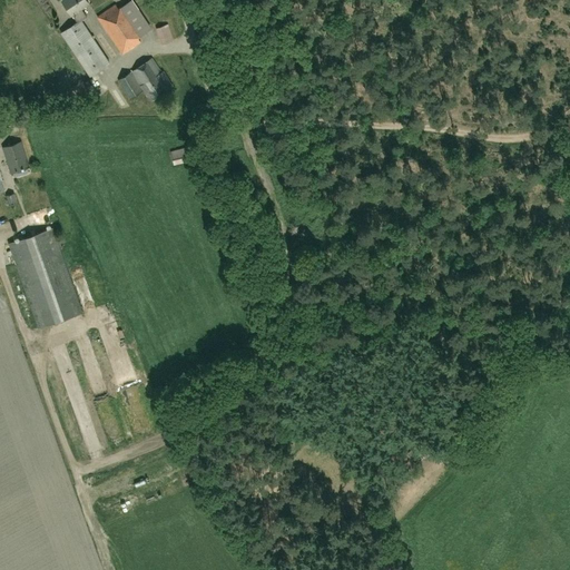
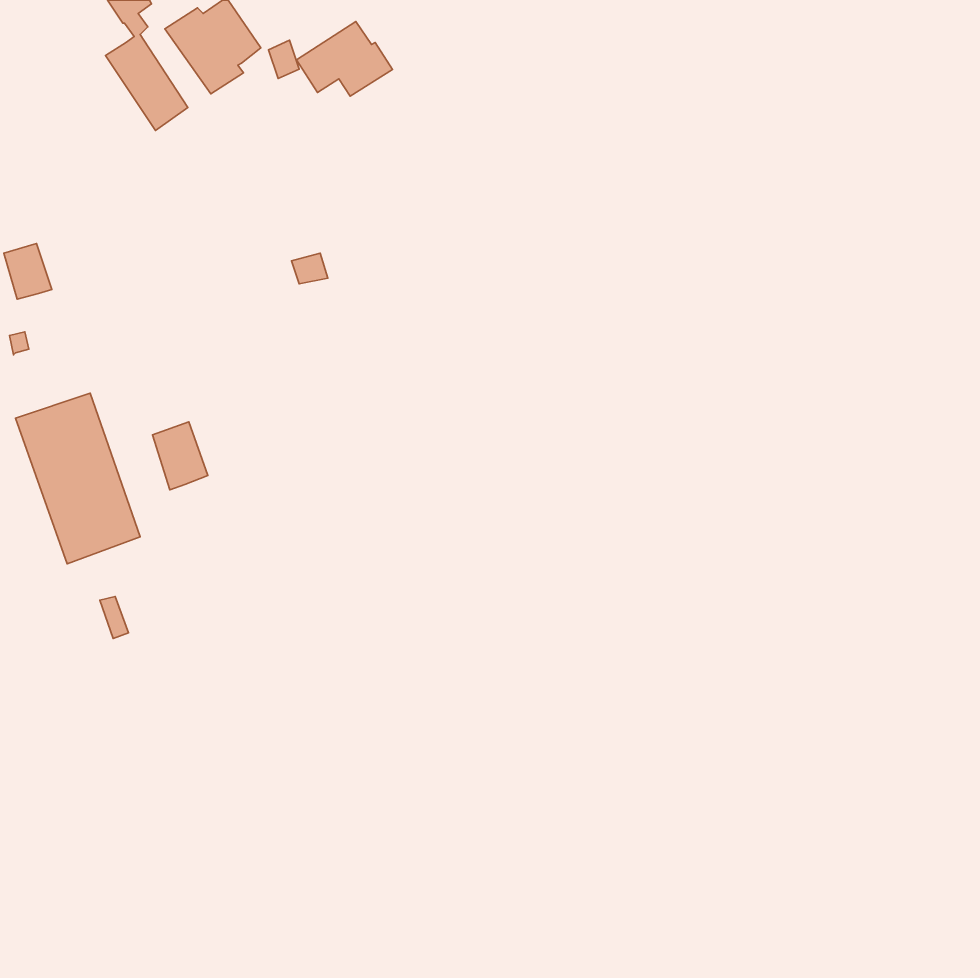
building: [118,59,174,102] -> [297,21,392,96]
building: none -> [152,422,208,490]

